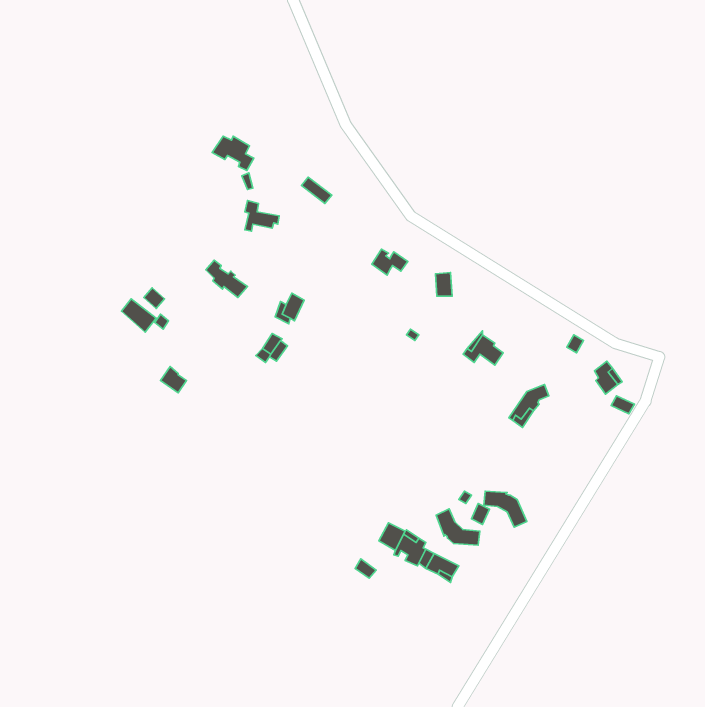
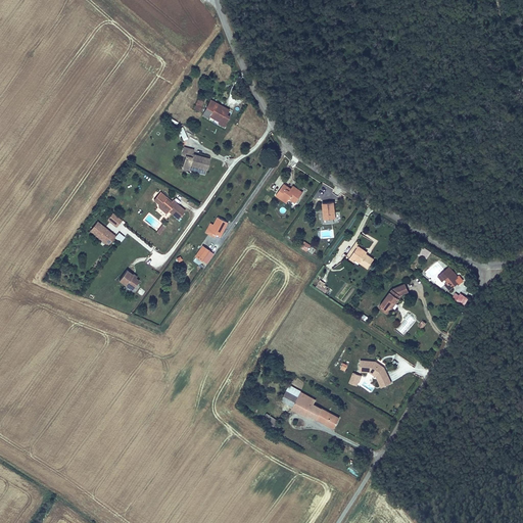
building: [212,136,254,171] -> [199,101,230,127]
building: [436,509,480,545] -> none

